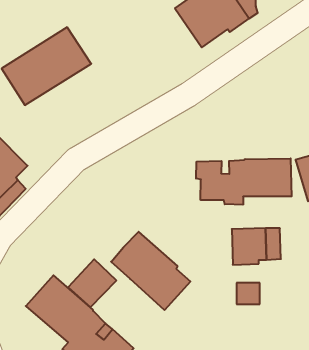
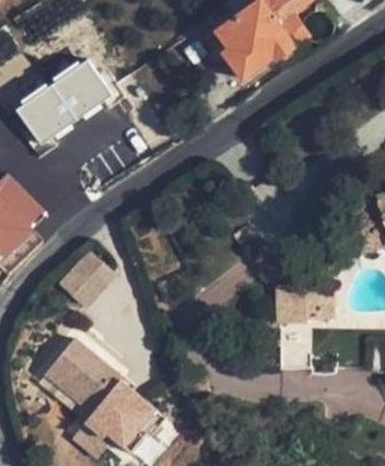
building: [196,158,292,205] -> none
building: [111,232,190,310] -> none
building: [68,259,116,307] -> [63,249,118,304]

